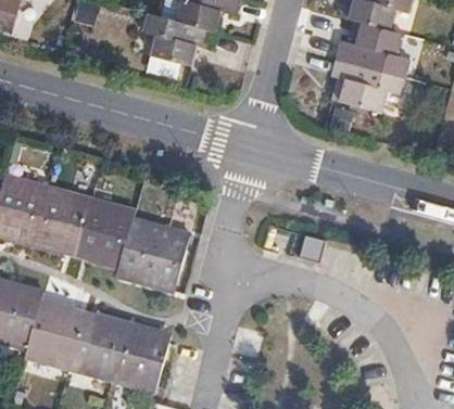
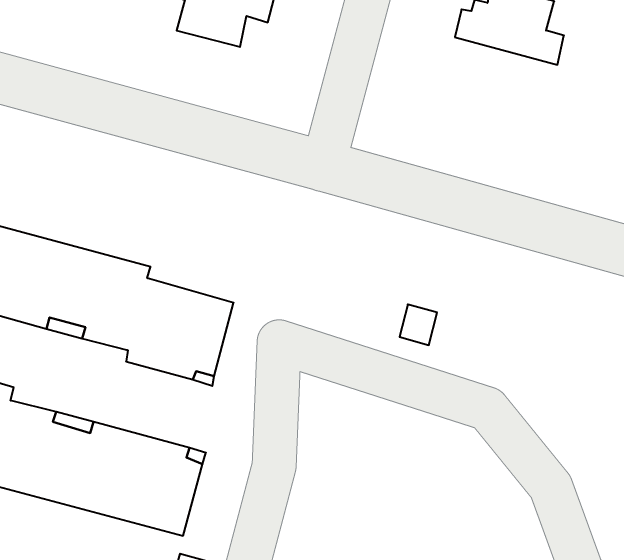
building: [331,59,405,112] -> none

